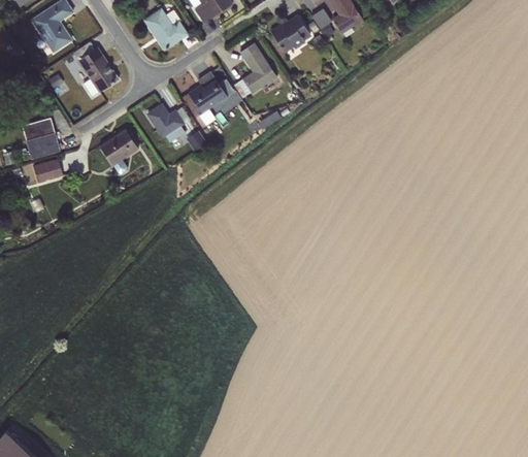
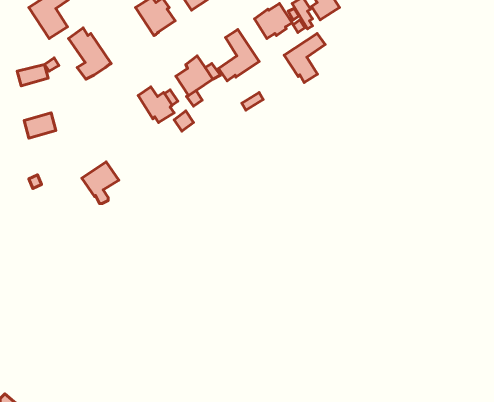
building: none -> [284,34,325,83]
building: [22,118,55,140] -> [17,65,48,86]
building: [99,129,138,173] -> [82,162,119,203]
building: [33,158,63,182] -> none

